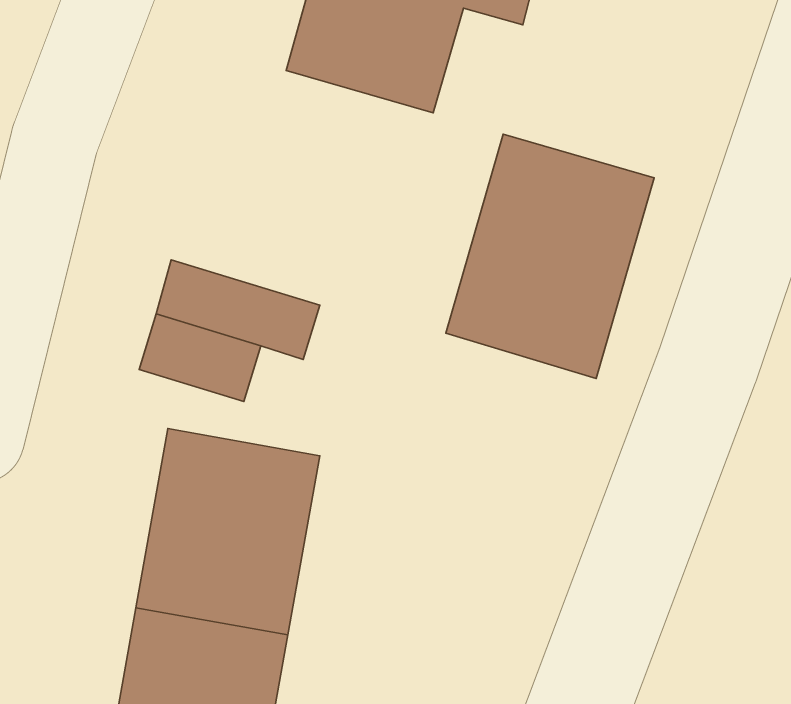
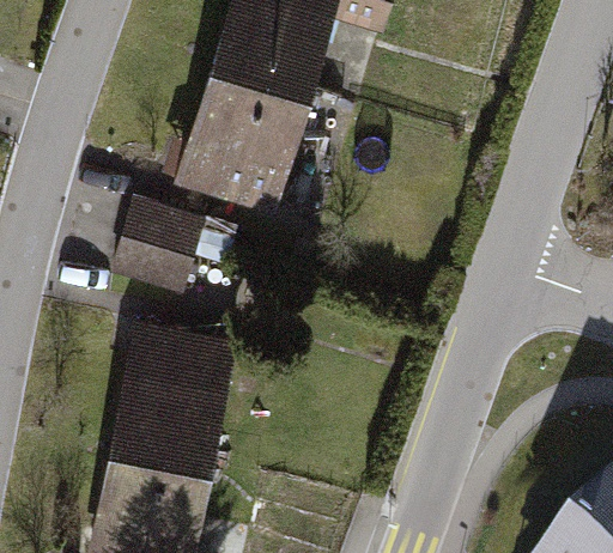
building: none -> [176,61,317,215]
building: [446,134,654,379] -> none

